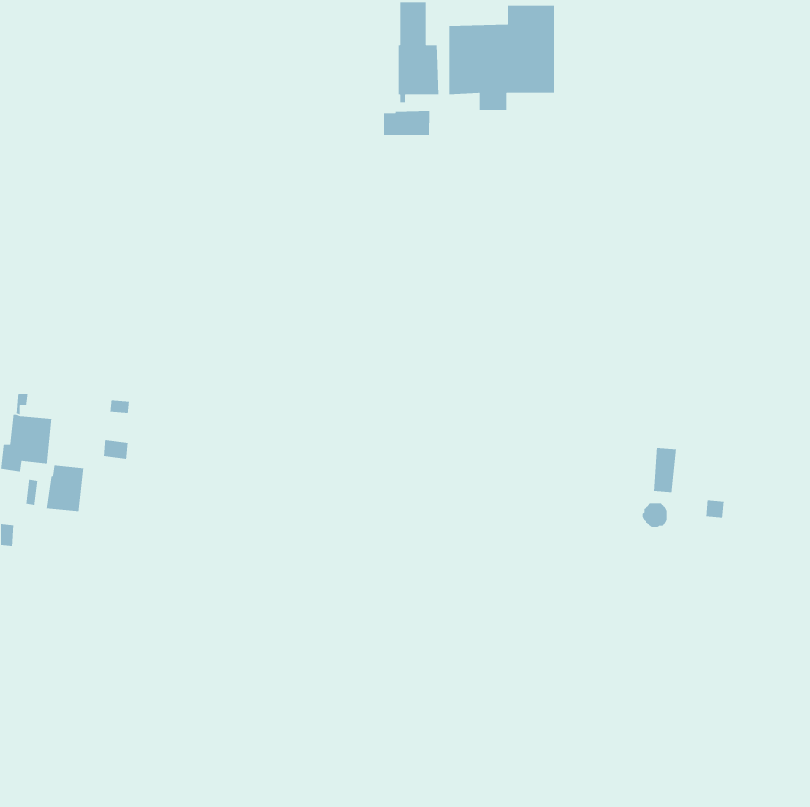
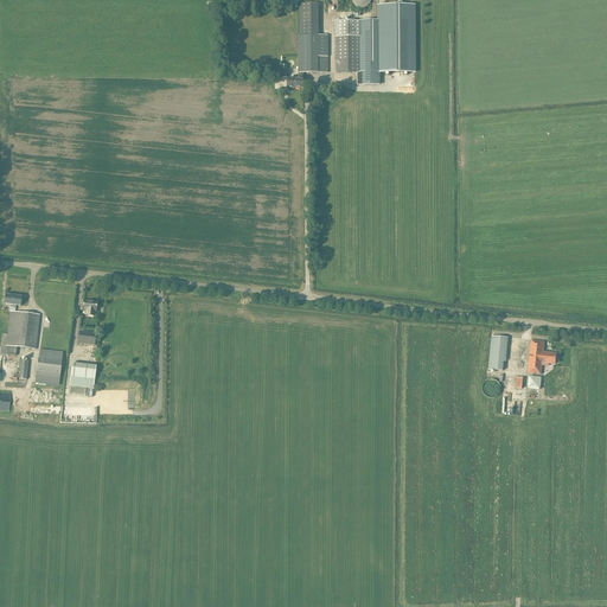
building: [383,110,430,136] -> none
building: none -> [528,338,556,372]
building: none -> [70,362,96,388]

